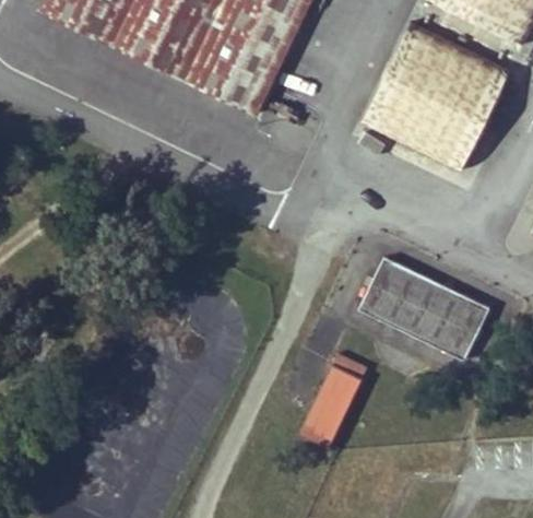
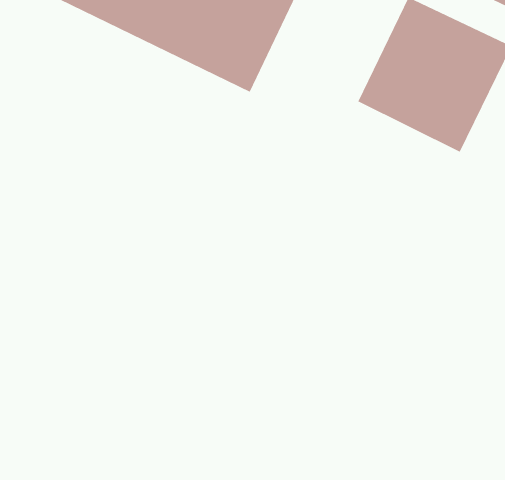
building: [359,256,490,356] -> none
building: [298,354,366,446] -> none

